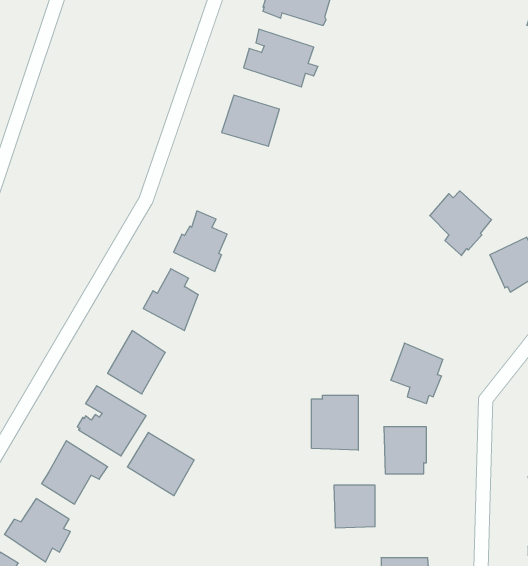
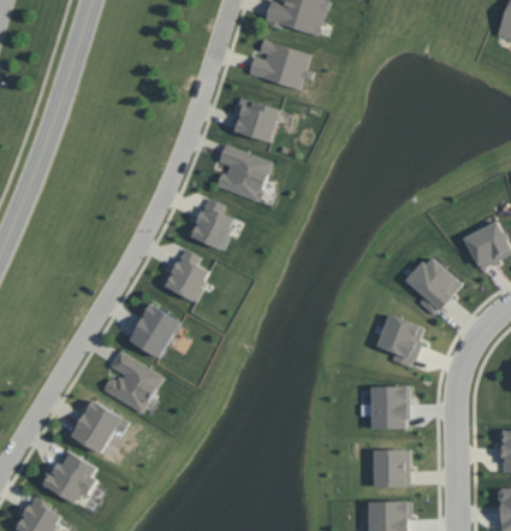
building: none -> [215,144,272,202]
building: [430,191,492,256] -> [405,259,459,315]
building: [312,395,358,450] -> none
building: [127,432,194,496] -> none
building: [334,485,375,528] -> [373,450,409,488]

